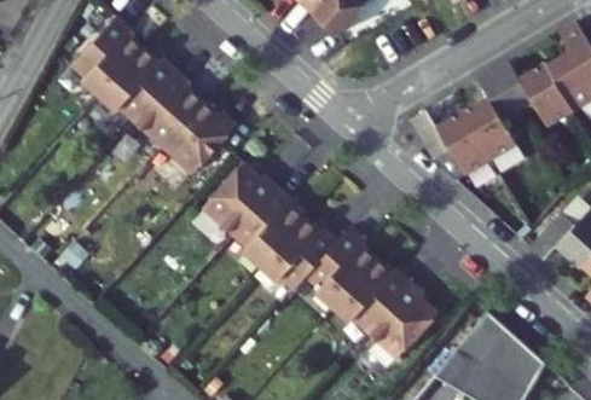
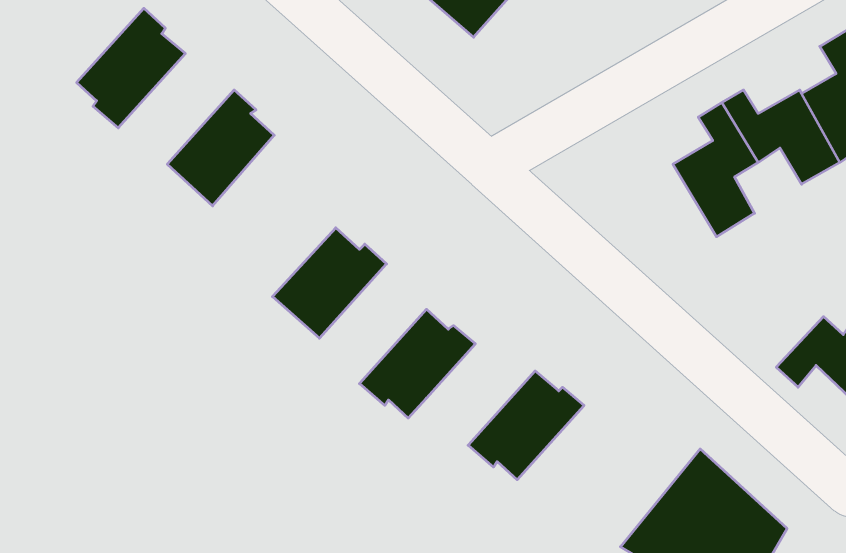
building: [99,46,176,120] -> none
building: [162,100,237,174] -> none
building: [418,118,498,182] -> none
building: [233,186,305,266] -> none
building: [305,226,377,307] -> none
building: [365,280,436,358] -> none

